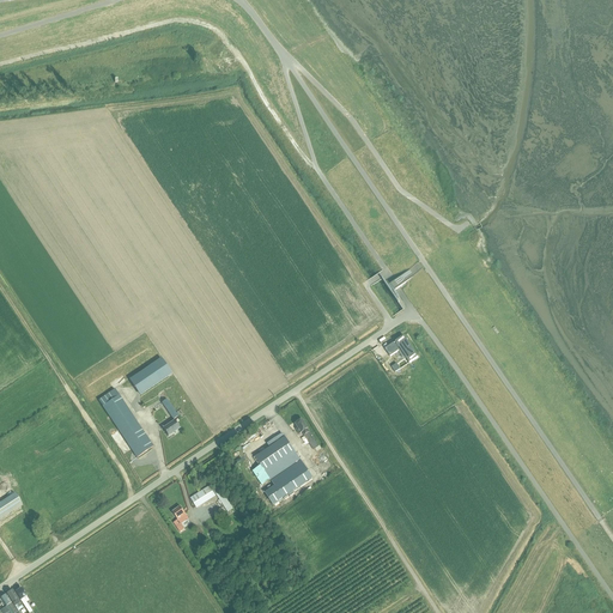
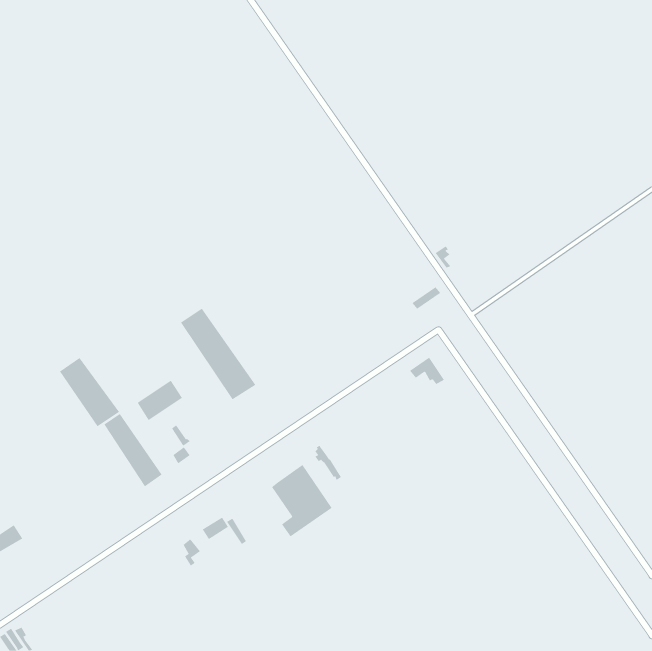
building: none -> [180,308,256,400]
building: none -> [59,357,120,427]

